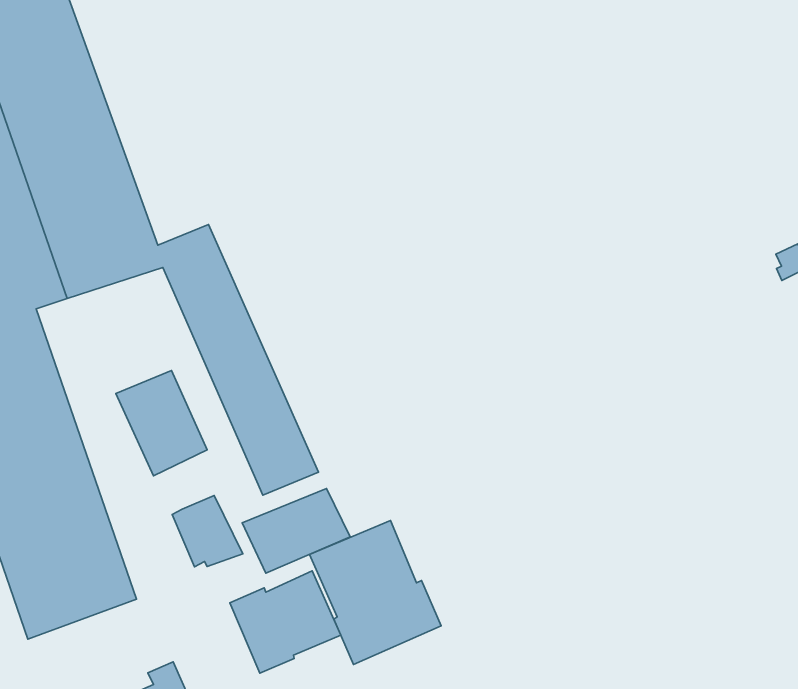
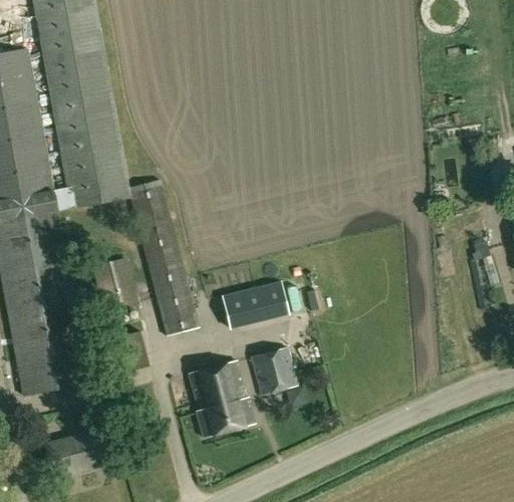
building: none -> [252,346,295,393]
building: [242,488,350,573] -> [231,287,290,329]
building: [230,571,341,673] -> none

